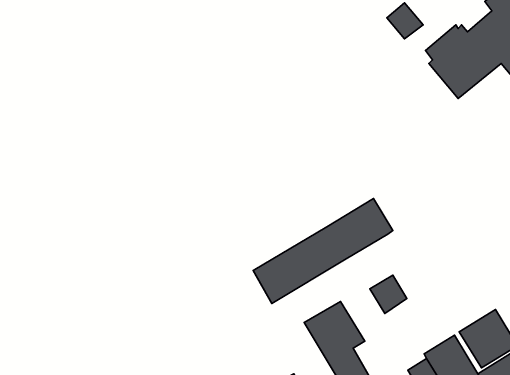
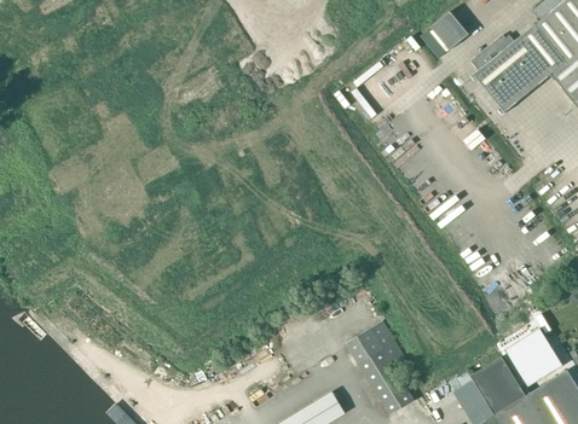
building: [253,198,393,304] -> none
building: [370,275,407,313] -> none

